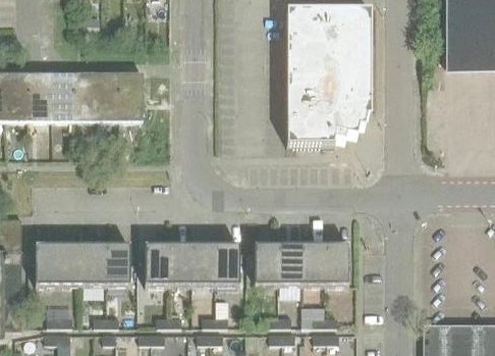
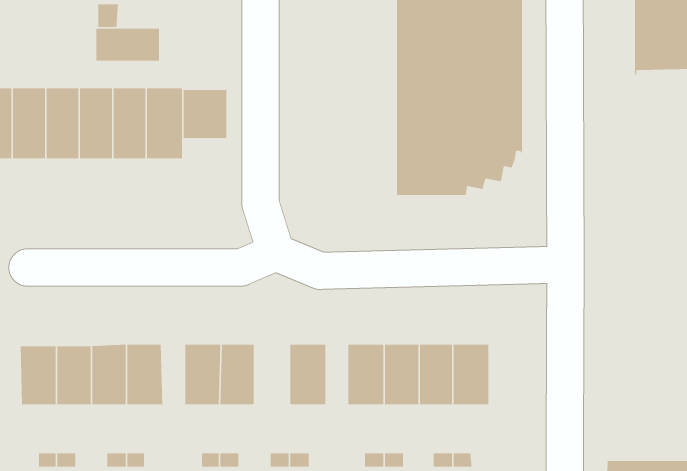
building: none -> [95,28,160,62]
building: none -> [183,89,227,139]
building: [191,245,215,286] -> none

